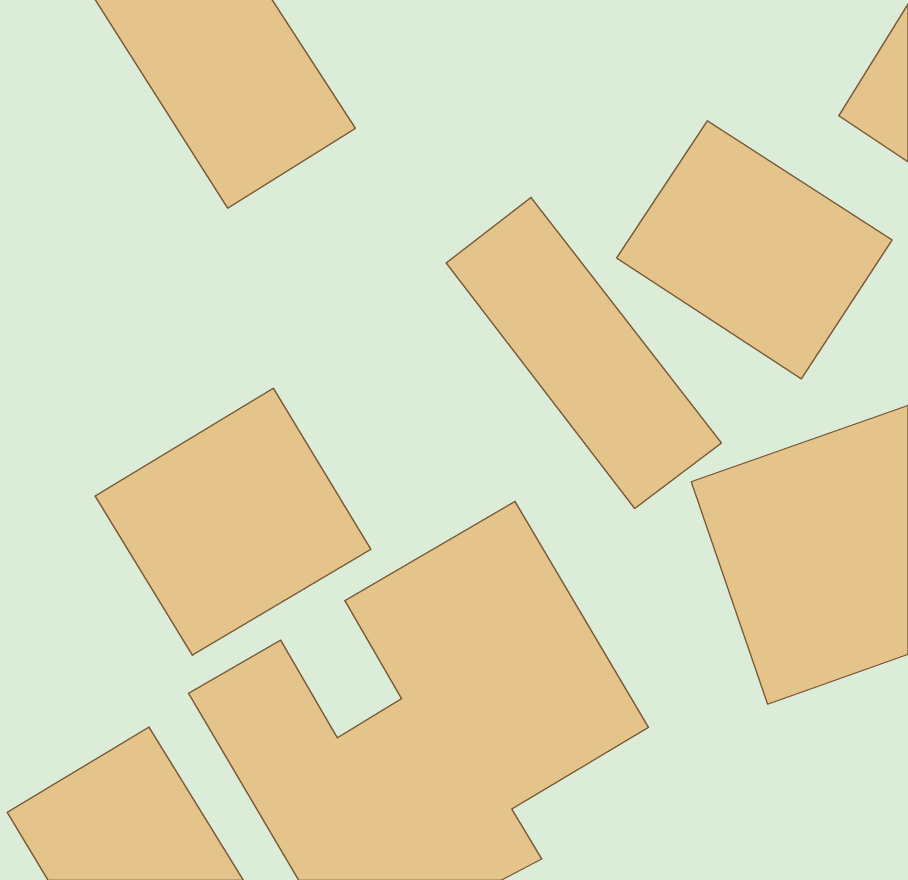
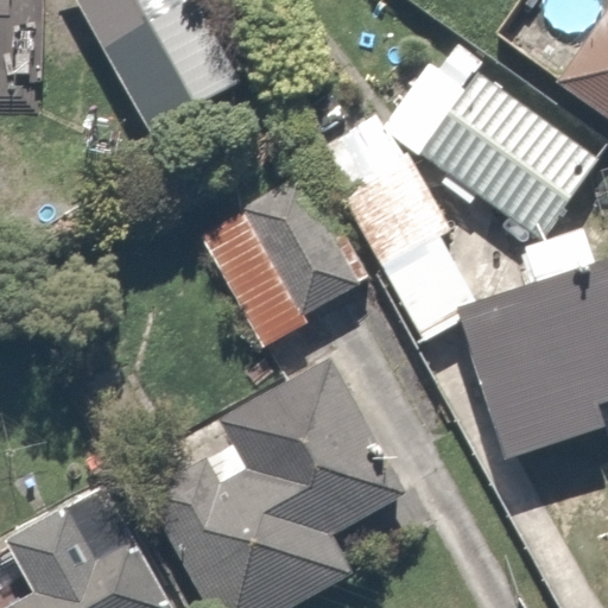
building: none -> [191,179,360,349]
building: [95,388,371,655] -> none

